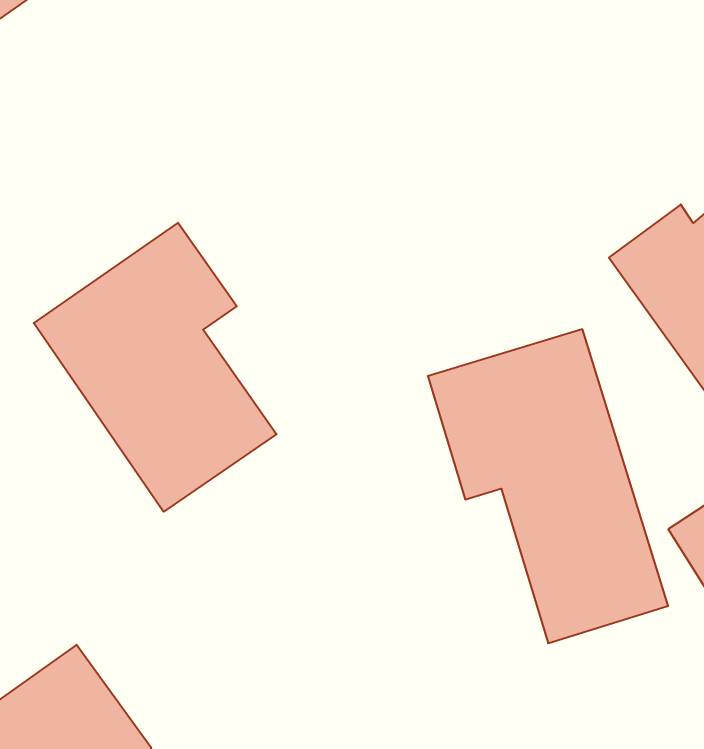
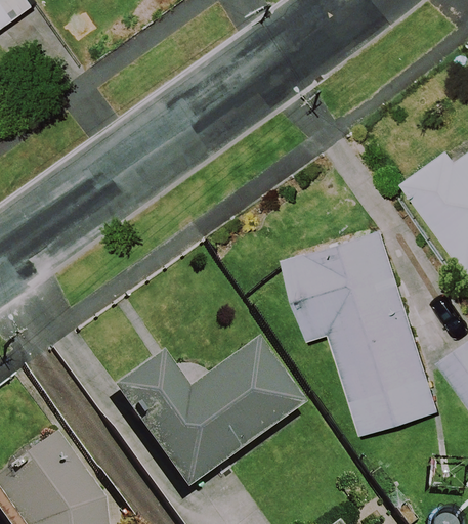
building: [34,223,277,512] -> none
building: none -> [109,341,303,492]

